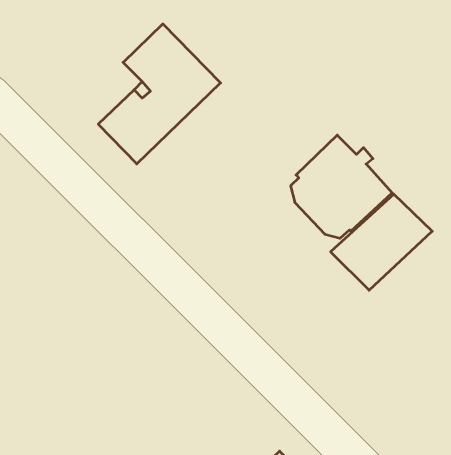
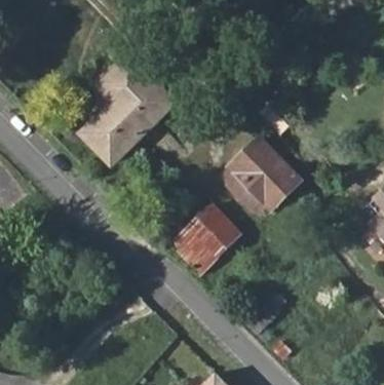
building: [331,194,432,290] -> [165,205,241,277]

